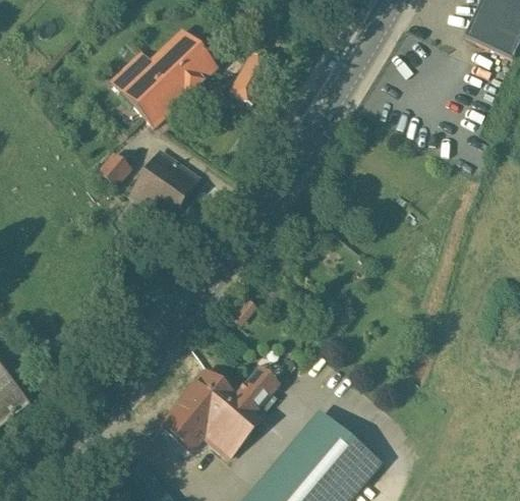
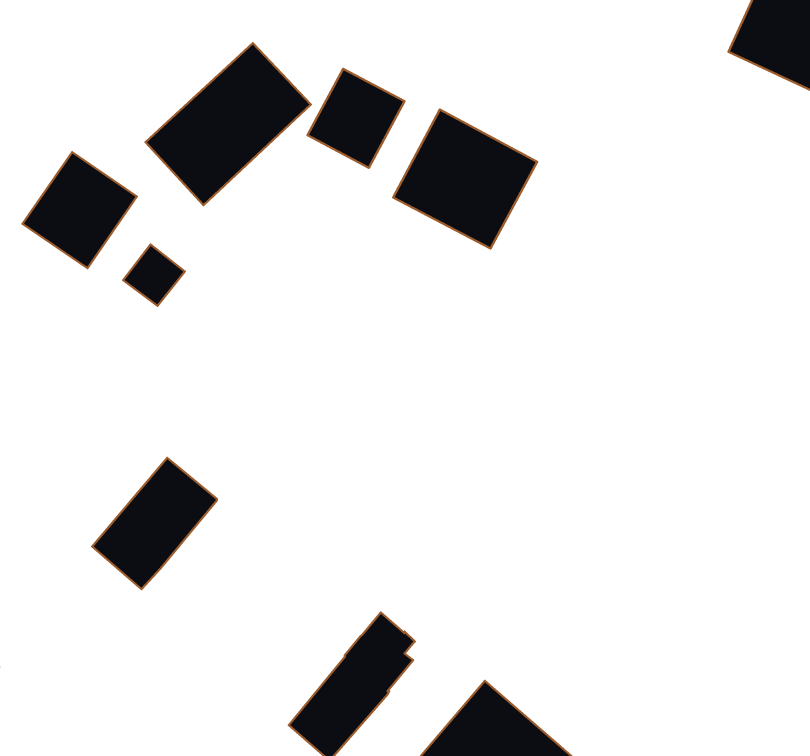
building: none -> [393,110,537,248]
building: [129,149,197,218] -> [23,152,137,268]
building: [162,370,236,448] -> [92,458,217,589]

